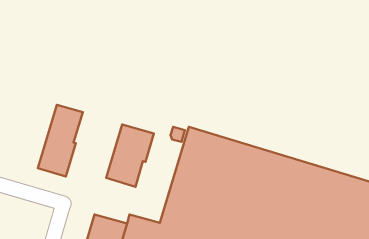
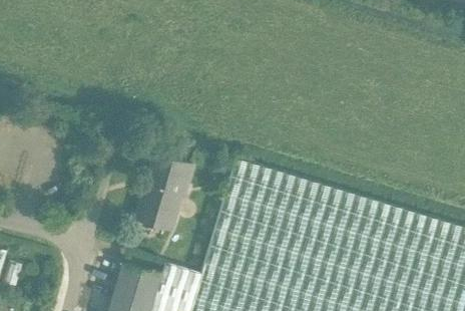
building: [38,105,83,177] -> none

